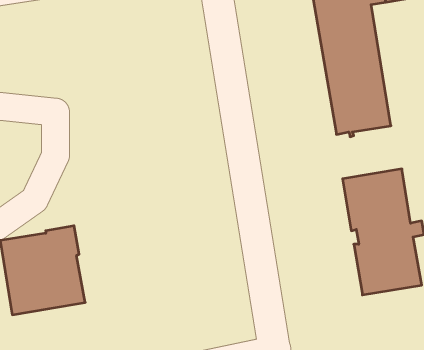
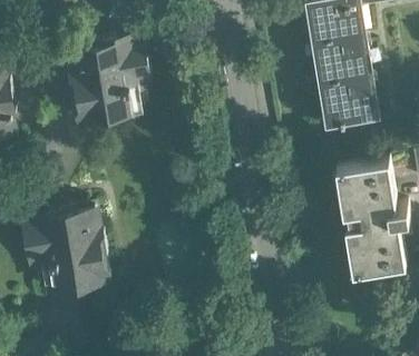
building: none -> [71,41,147,119]

